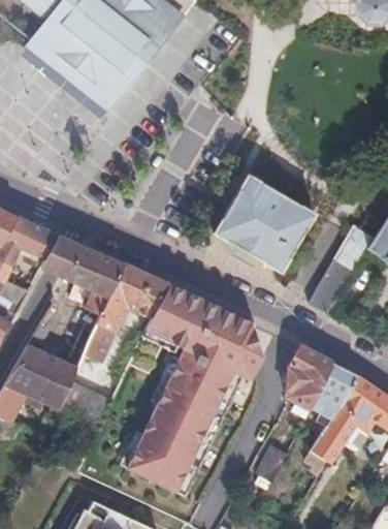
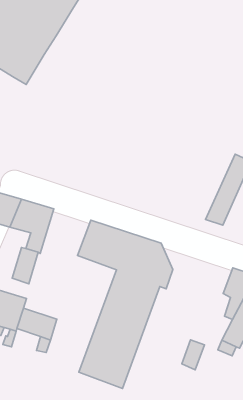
building: [211,172,315,272] -> none
building: [83,263,166,362] -> none
building: [284,346,332,408] -> none

